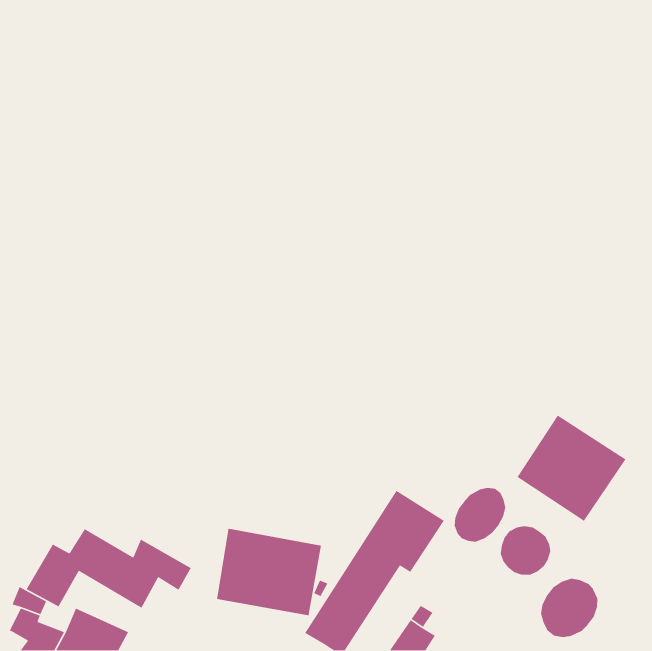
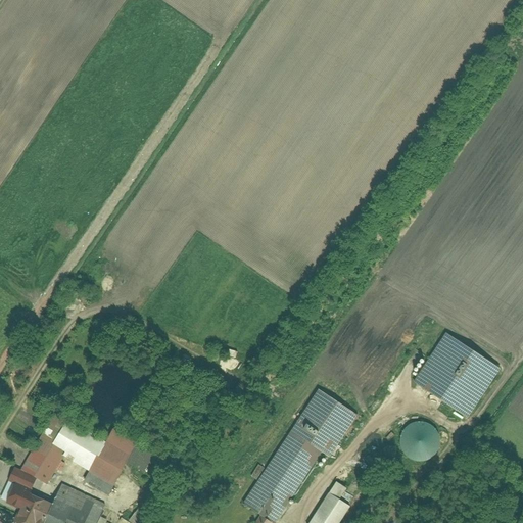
building: [454,487,506,542] -> none
building: [216,528,322,616] -> none
building: [540,578,598,638] -> none

